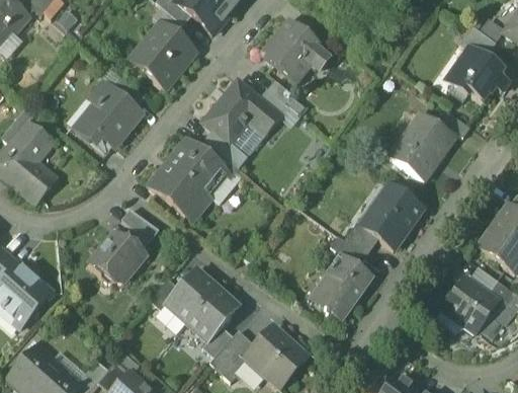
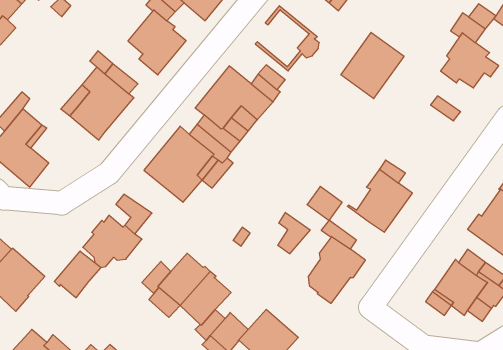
building: [261,23,318,81] -> none
building: [391,113,454,180] -> [341,32,404,99]
building: [343,222,378,256] -> [307,186,342,220]
building: none -> [278,212,310,254]
building: none -> [54,251,101,298]

